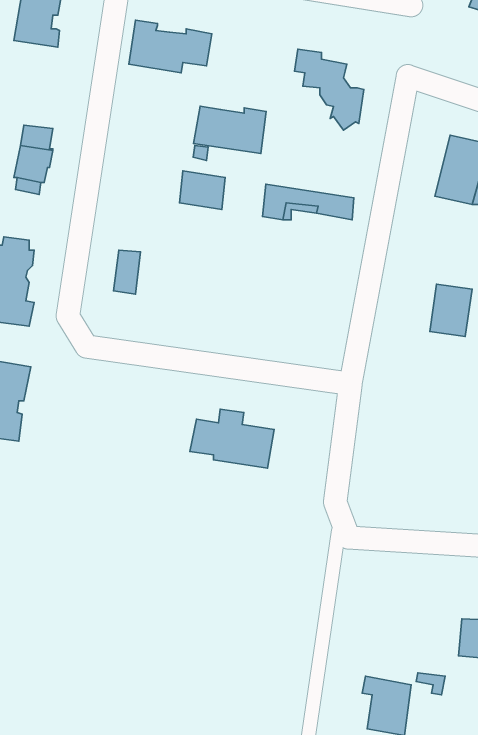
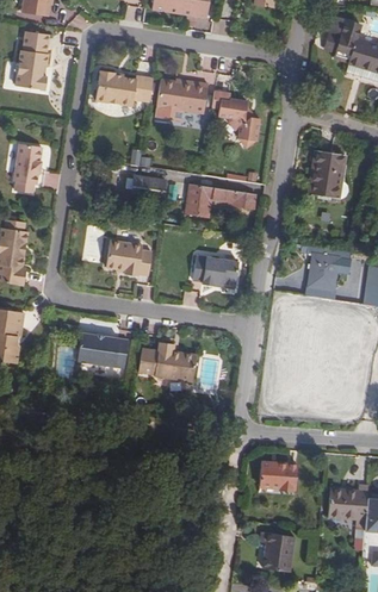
building: [193,106,266,154] -> [155,79,206,112]
building: none -> [104,238,150,274]
building: none -> [192,256,237,289]
building: none -> [75,332,128,368]
building: none -> [258,461,298,496]

